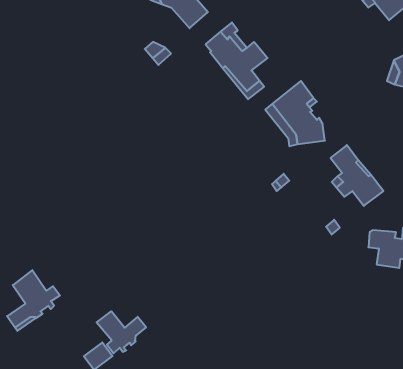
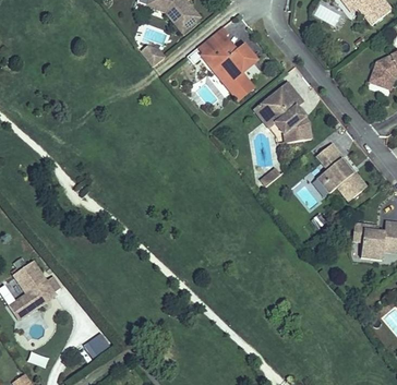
building: [97,311,146,353] -> none

